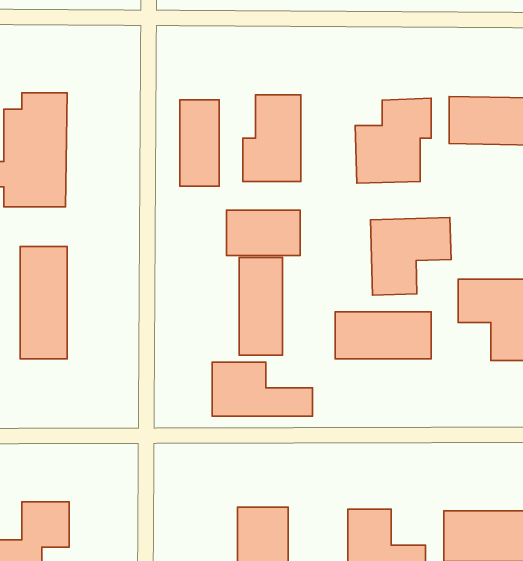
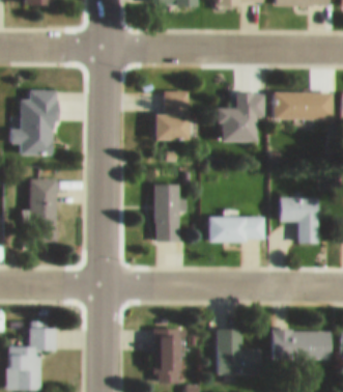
building: [180,100,219,186] -> none
building: [227,210,300,255] -> none
building: [370,217,451,295] -> none
building: [212,362,313,416] -> none

